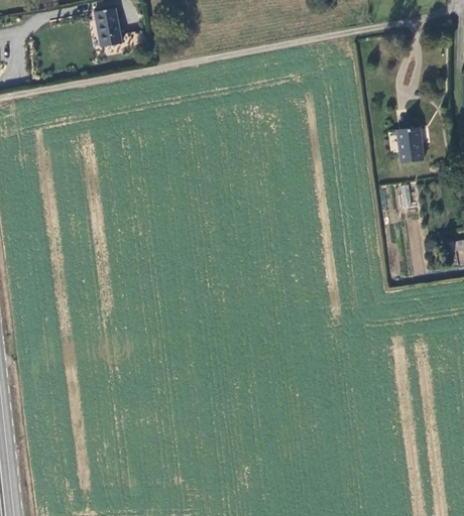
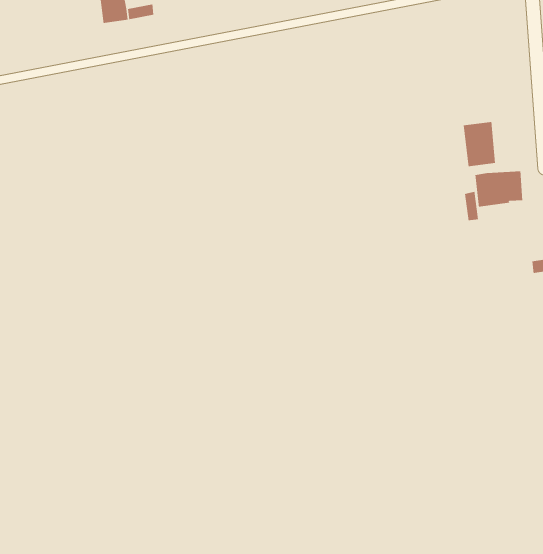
building: none -> [475,171,523,207]

